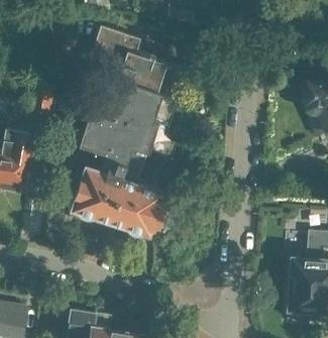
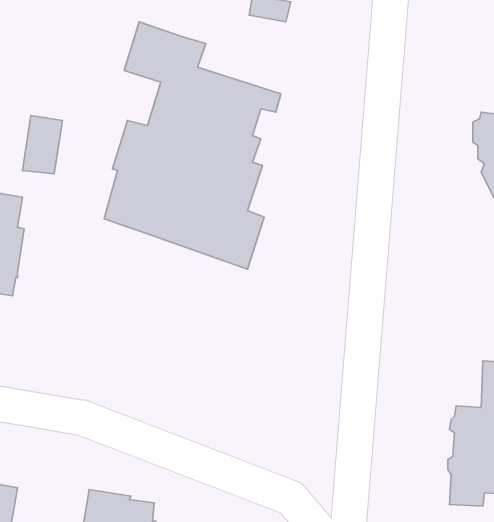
building: [68,154,174,234] -> none

